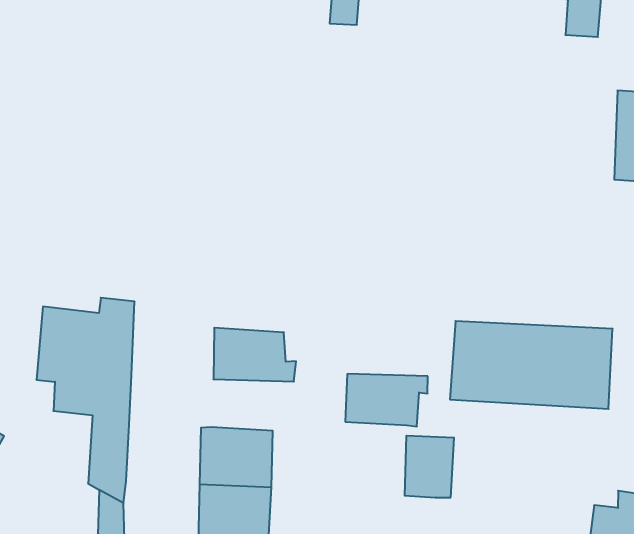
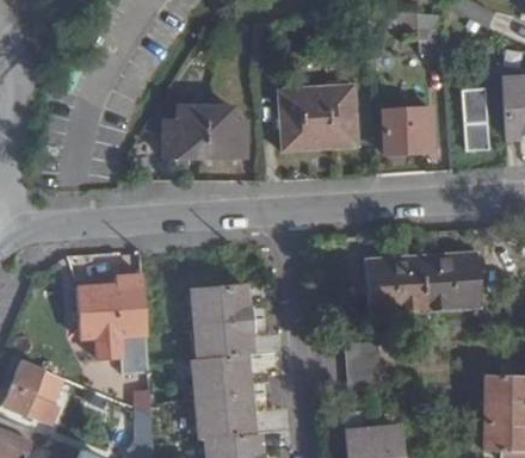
building: none -> [279,88,358,153]
building: none -> [166,109,246,159]
building: none -> [385,110,433,153]
building: [345,374,428,426] -> [204,317,261,355]

